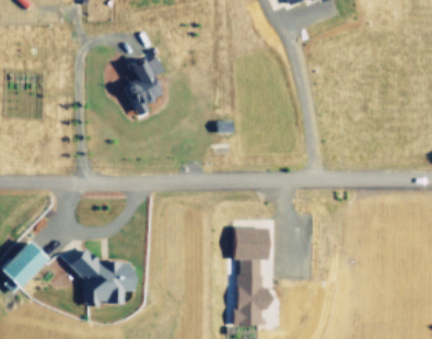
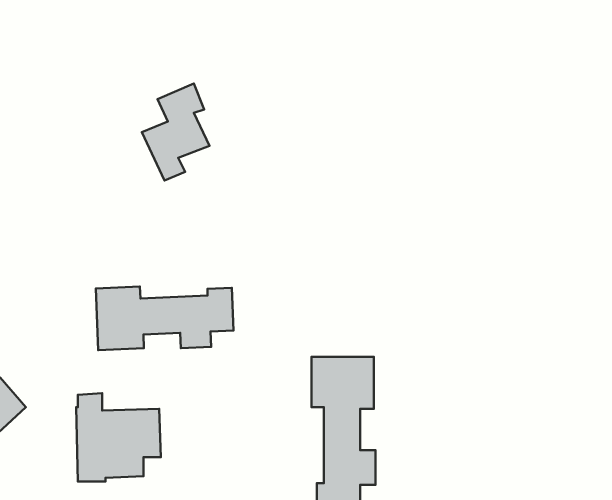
building: none -> [96,287,234,350]

